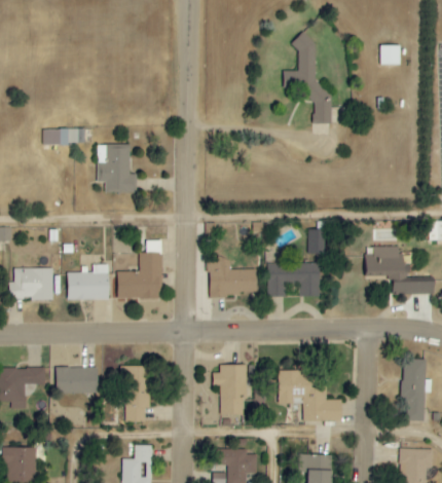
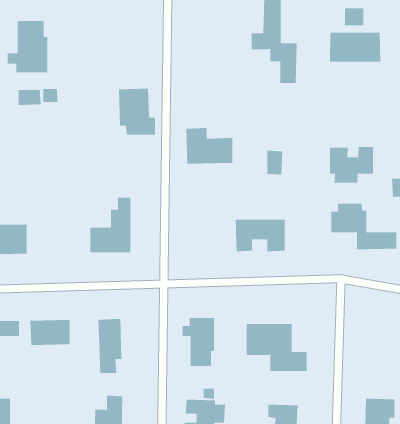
building: none -> [7,20,48,73]
building: none -> [329,32,381,63]
building: [98,144,137,192] -> [118,88,156,135]
building: none -> [329,146,373,183]
building: [308,228,326,254] -> [266,150,283,175]
building: [208,258,257,296] -> [185,127,233,164]
building: [67,264,109,300] -> none
building: [402,359,432,421] -> none

